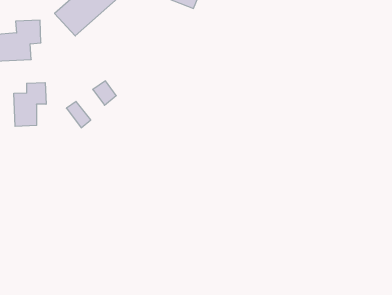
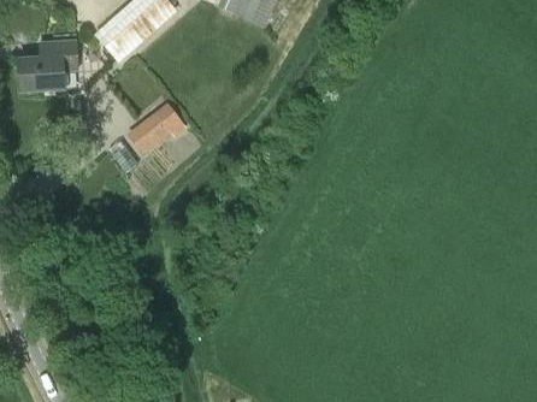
building: [14,83,46,126] -> none

